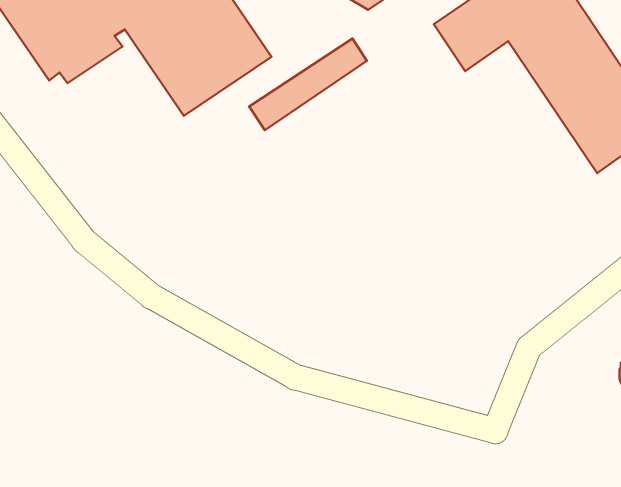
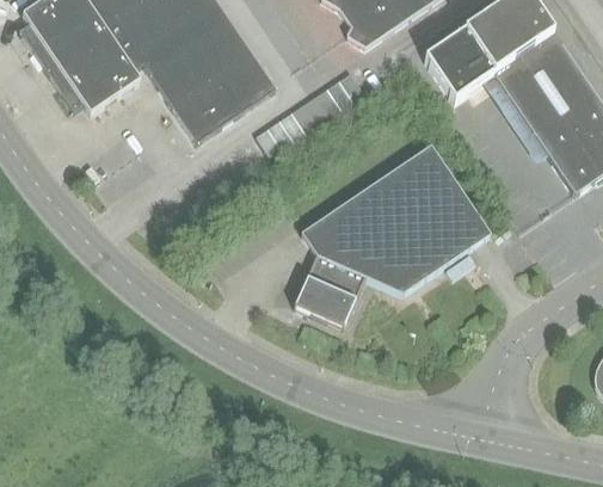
building: none -> [294,143,492,327]

